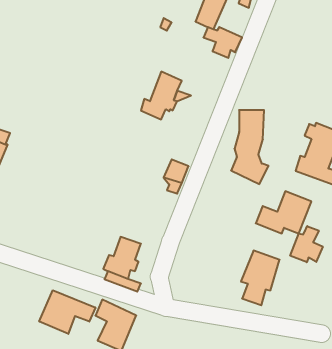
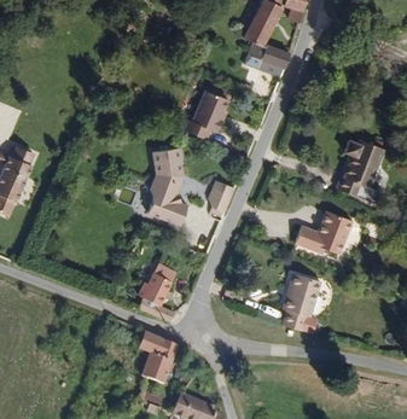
building: [231,110,269,184] -> [144,145,184,223]
building: [290,226,323,262] -> none
building: [39,290,95,334] -> none

